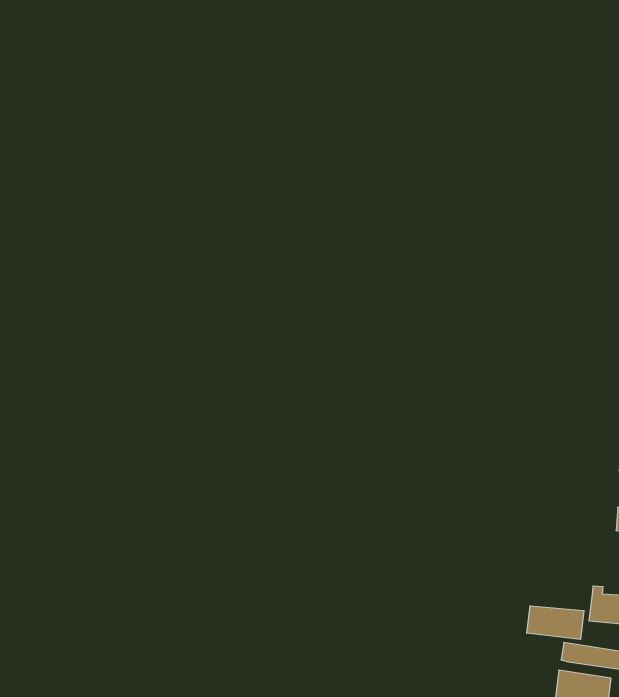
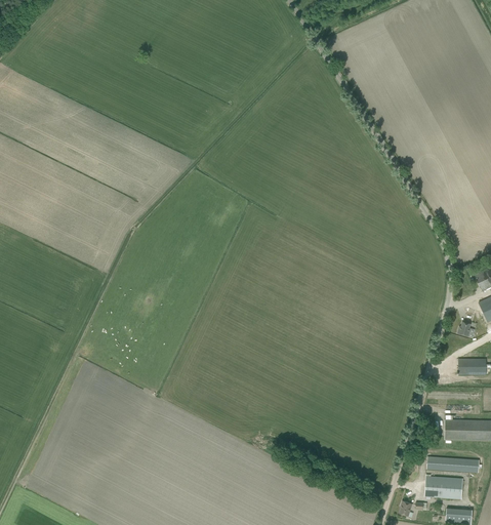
building: [527,606,584,639] -> none

